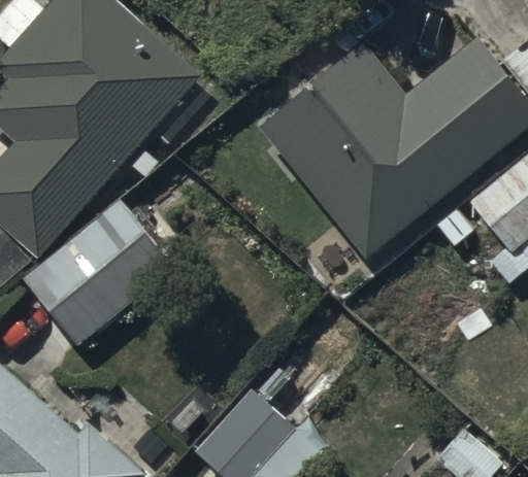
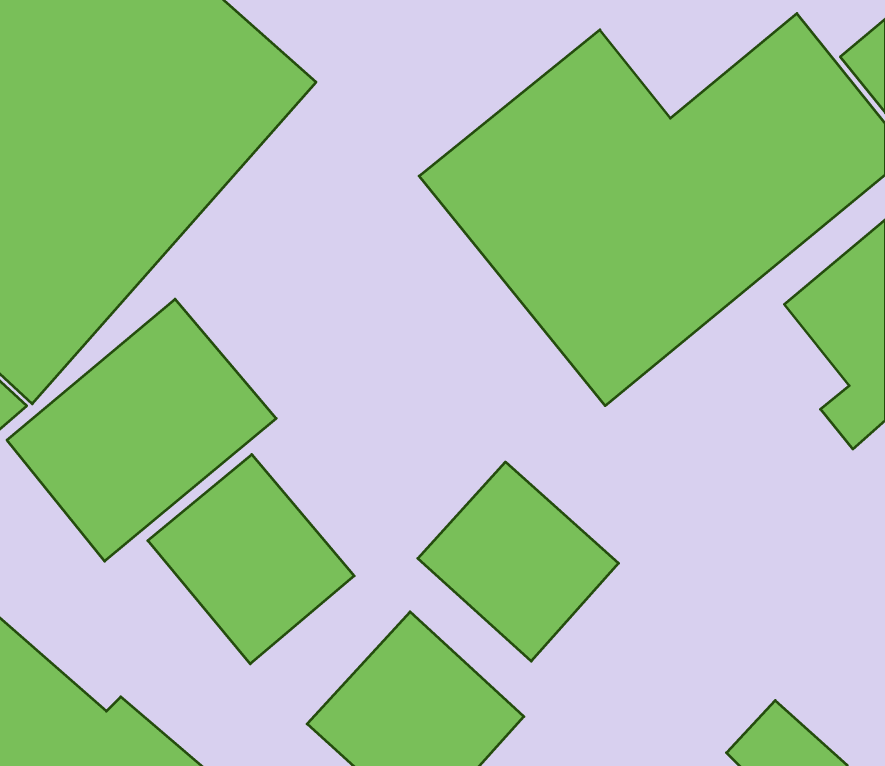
building: none -> [148,454,354,664]
building: none -> [418,462,619,661]

